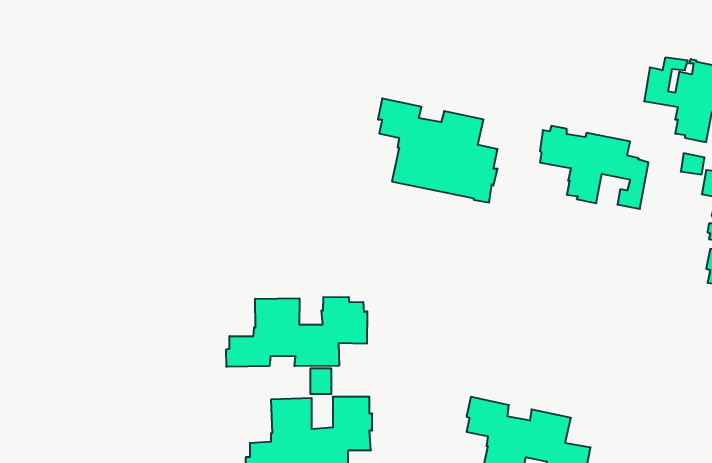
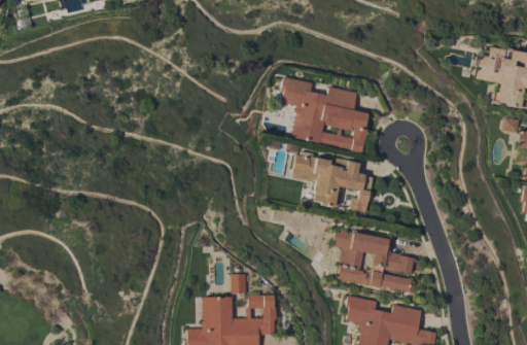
building: [540,126,648,209] -> [293,150,373,211]
building: [226,297,367,367] -> none
building: none -> [333,229,416,291]

